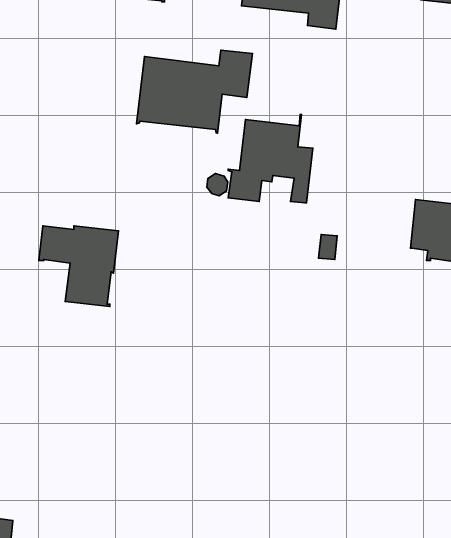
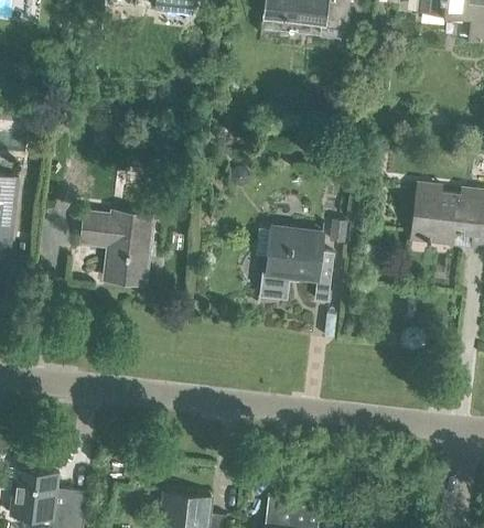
building: [136,50,253,133] -> none
building: [228,115,313,203] -> [258,224,333,302]

